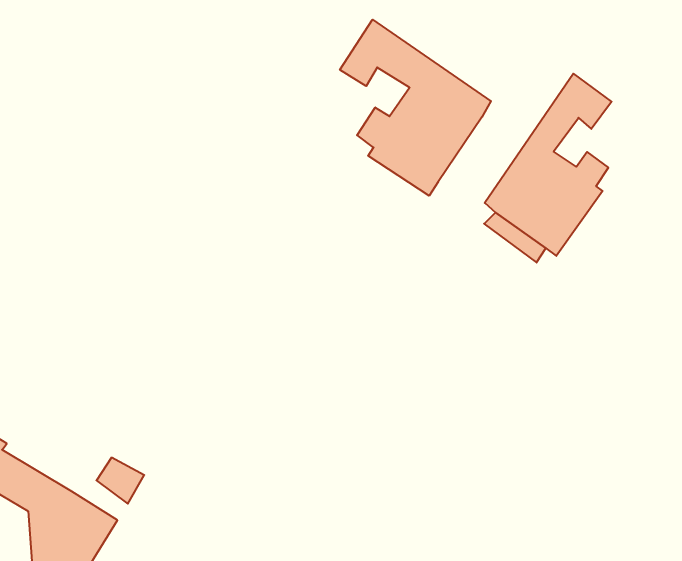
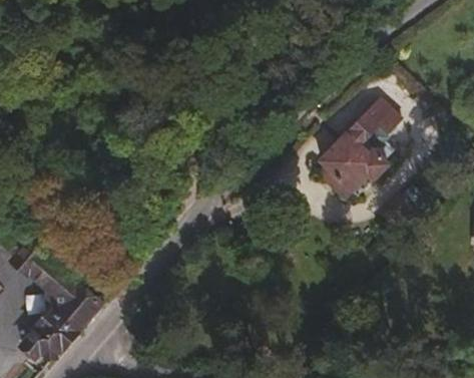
building: [340,20,491,196] -> none

